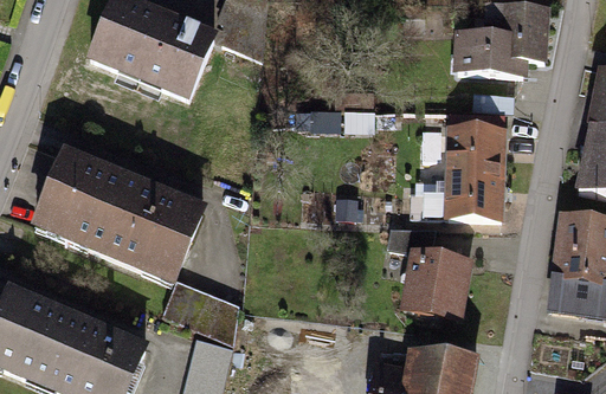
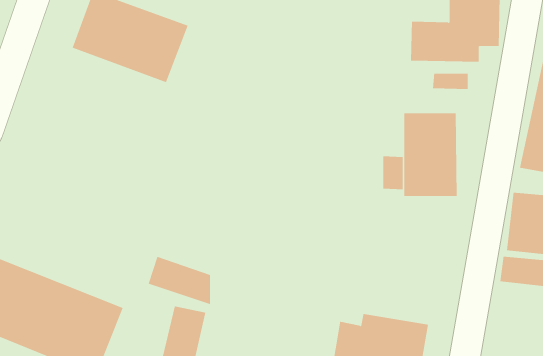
building: [37,157,195,279] -> none
building: [400,251,469,319] -> none

